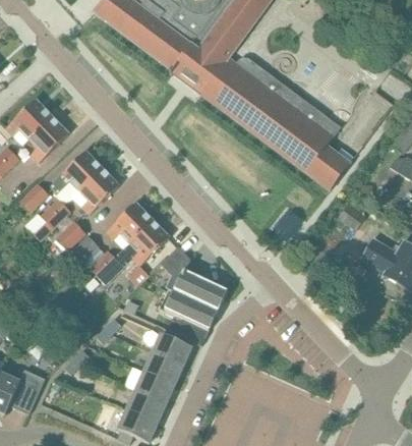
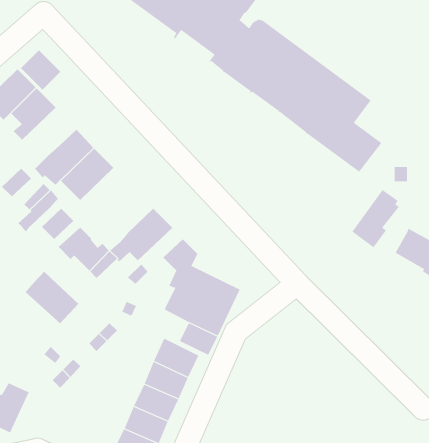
building: none -> [20,50,61,90]
building: [108,202,152,240] -> none
building: none -> [25,271,79,324]

